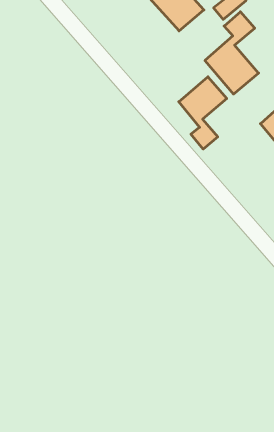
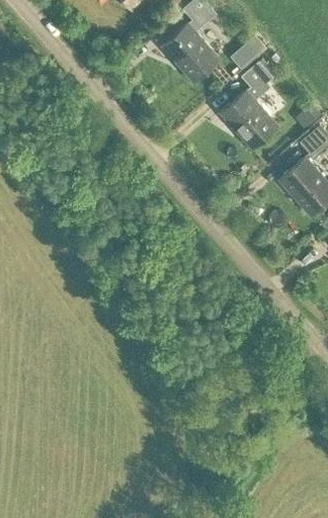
building: [179,77,227,149] -> none

